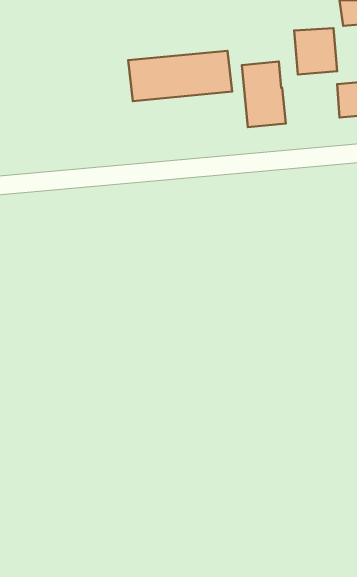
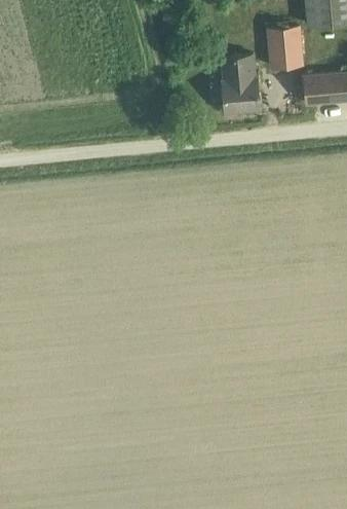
building: [128,51,232,101] -> none

